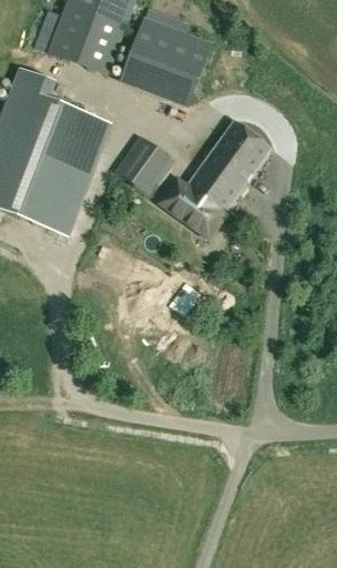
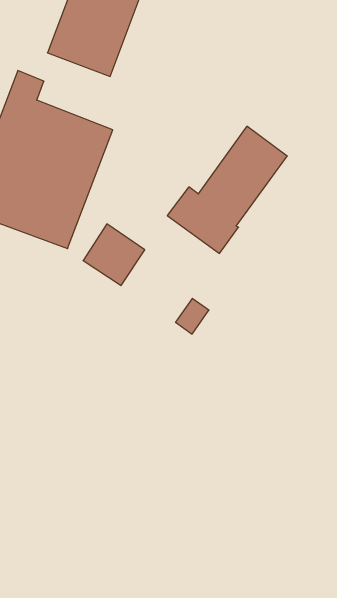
building: [119,16,212,105] -> none
building: [114,135,172,193] -> [83,224,145,286]

